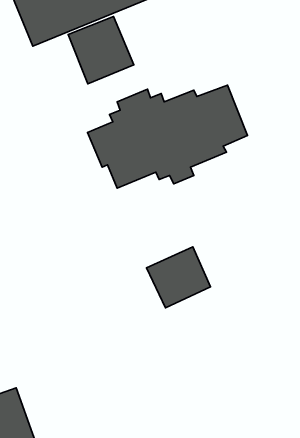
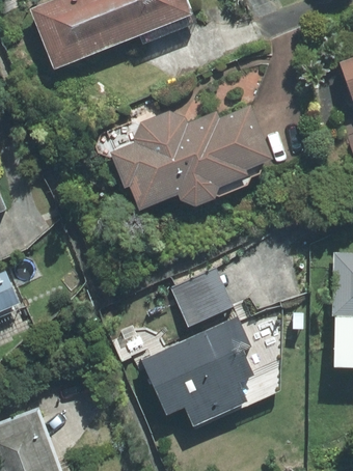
building: [68,16,134,84] -> none
building: none -> [141,315,253,427]

